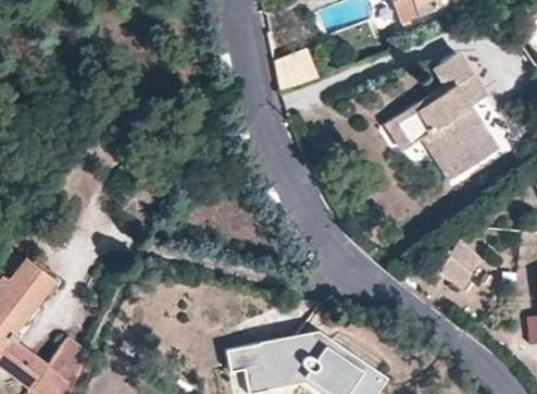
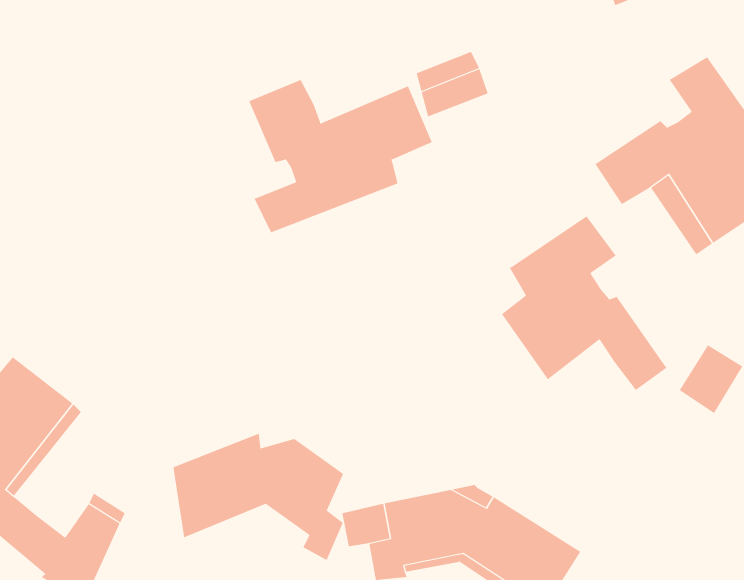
building: none -> [249,79,433,233]
building: none -> [501,216,667,391]
building: none -> [173,433,344,561]

